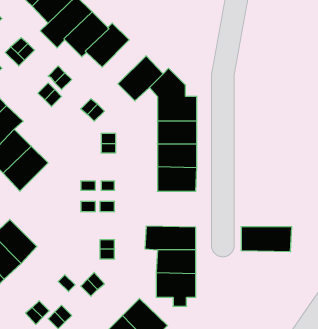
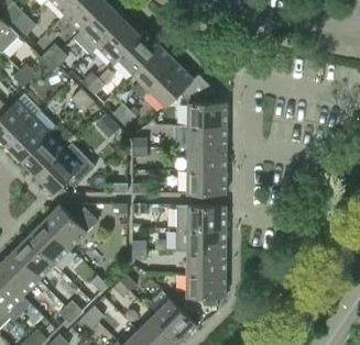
building: none -> [132,47,176,97]
building: none -> [43,204,97,248]
building: [241,227,292,252] -> [176,205,226,230]

